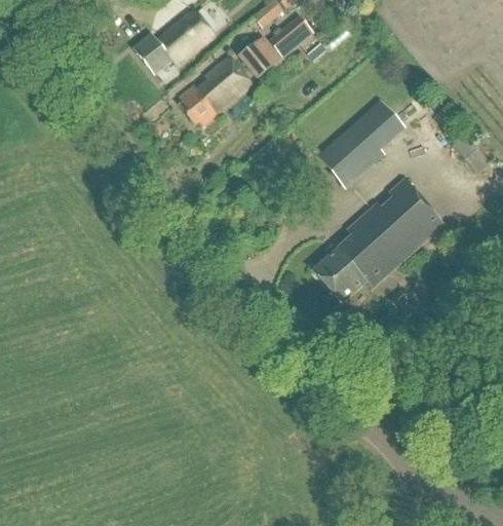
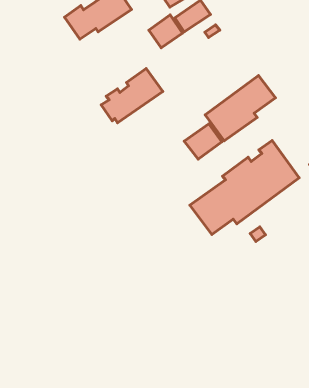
building: [179,54,254,125] -> [101,69,163,123]
building: none -> [184,124,222,159]

